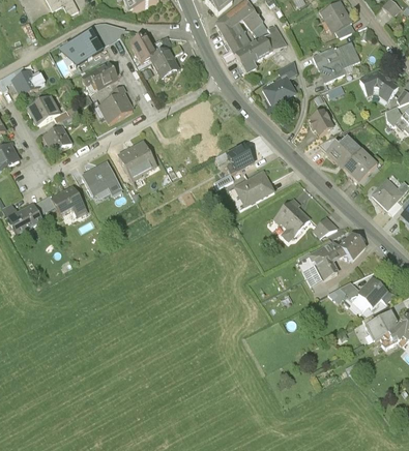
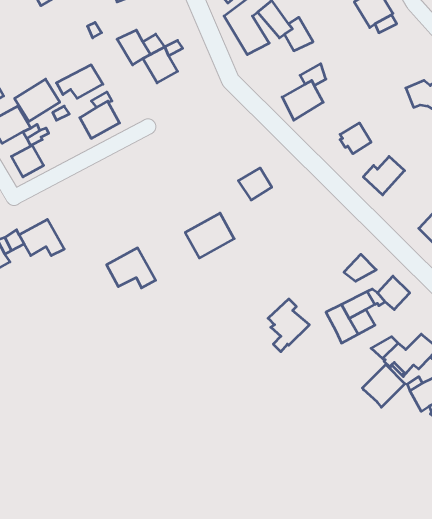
building: [65,31,101,65] -> [15,79,60,122]
building: [234,37,271,74] -> none
building: [312,40,359,82] -> none
building: [118,141,155,177] -> none
building: [343,147,376,180] -> none
building: [83,161,122,193] -> [107,248,156,288]
building: [235,170,274,206] -> [185,213,234,258]
building: [276,197,310,239] -> [268,299,309,352]
building: none -> [362,365,405,407]

